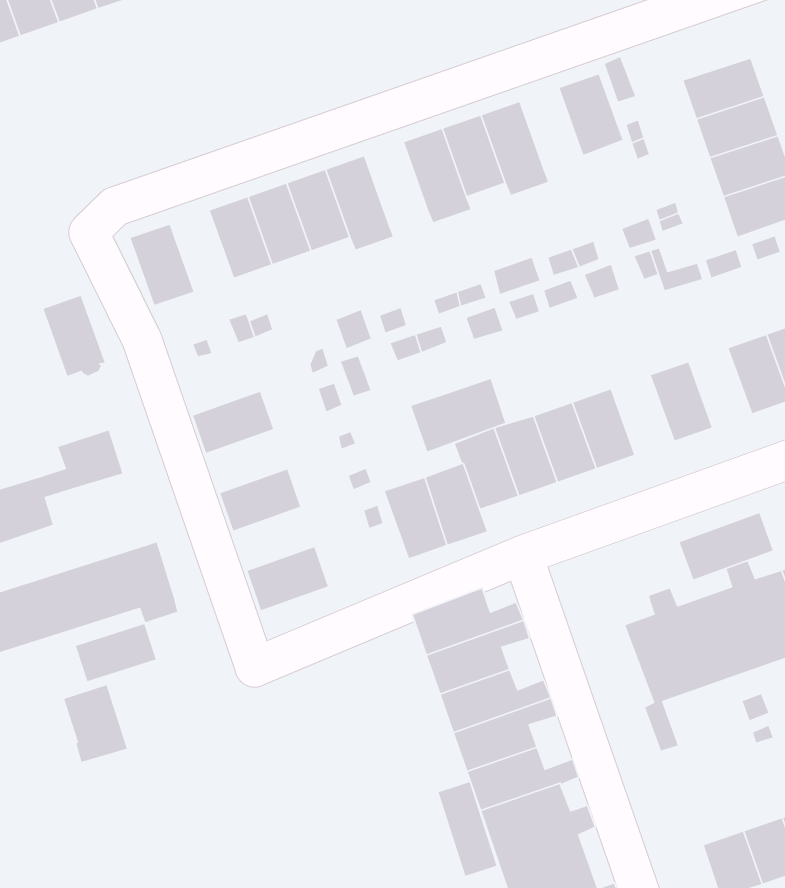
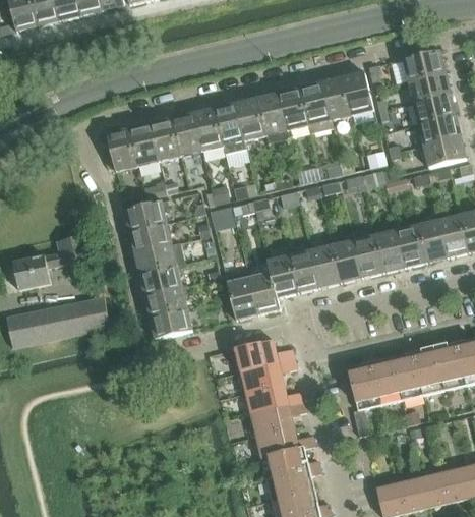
building: none -> [403,50,446,80]
building: none -> [320,77,351,120]
building: none -> [235,98,265,140]
building: [42,295,106,377] -> [128,123,159,167]
building: none -> [396,225,426,267]
building: none -> [124,200,167,231]
building: none -> [353,235,383,277]
building: [410,378,506,453] -> none
building: none -> [134,242,185,274]
building: none -> [144,286,187,317]
building: [678,512,774,580] -> none
building: [75,623,157,682] -> none
building: [63,684,128,763] -> none
building: [437,781,498,877] -> none

